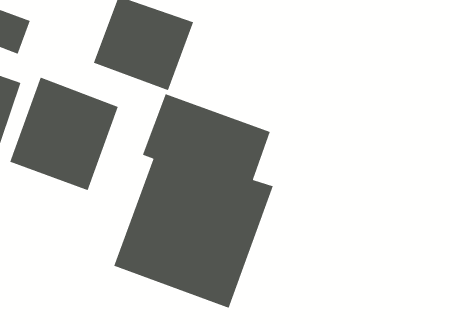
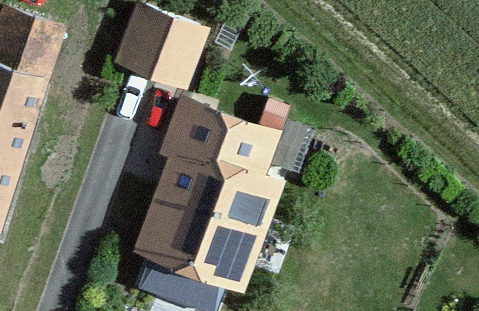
building: [9,76,119,191] -> none

